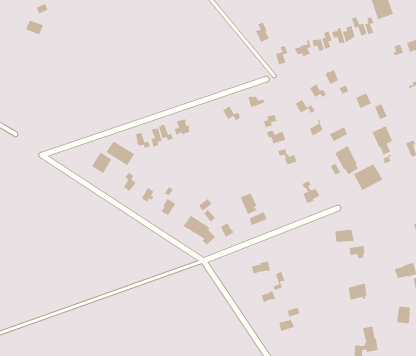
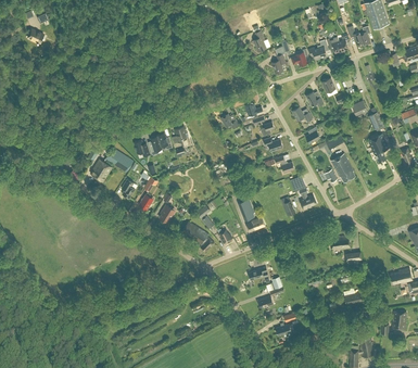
building: [353,163,383,191] -> none

